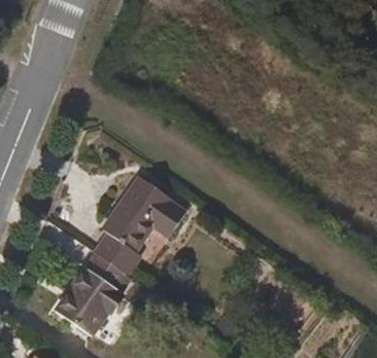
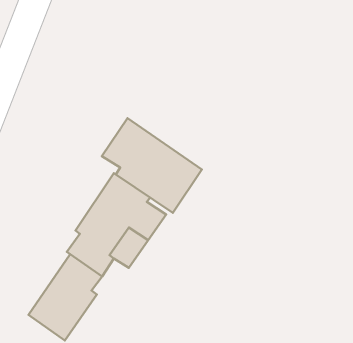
building: none -> [102,118,202,213]

